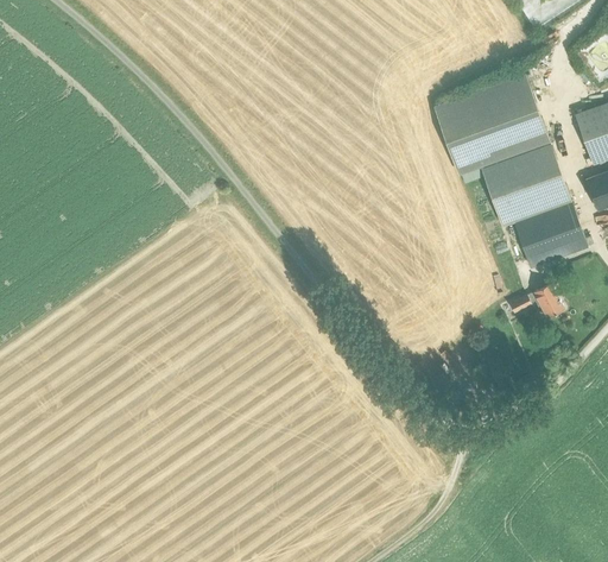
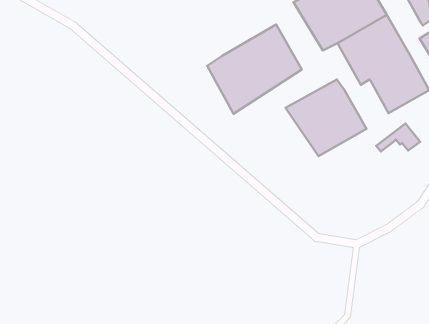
building: none -> [207,25,302,114]
building: none -> [286,79,367,156]

